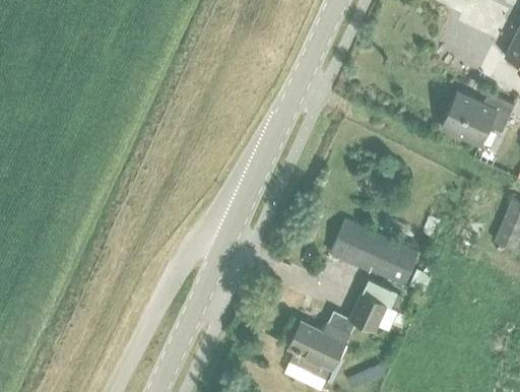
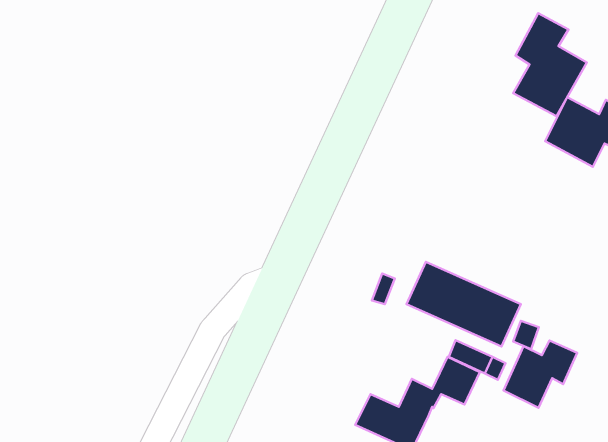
building: none -> [513,13,587,116]
building: none -> [504,341,577,408]

